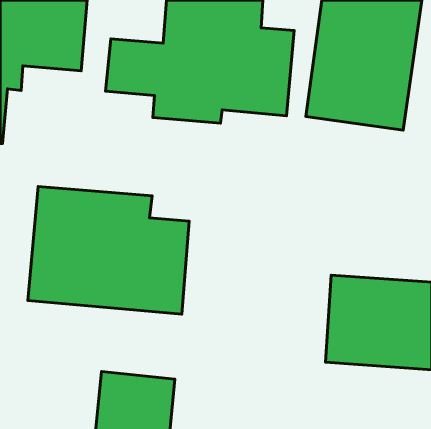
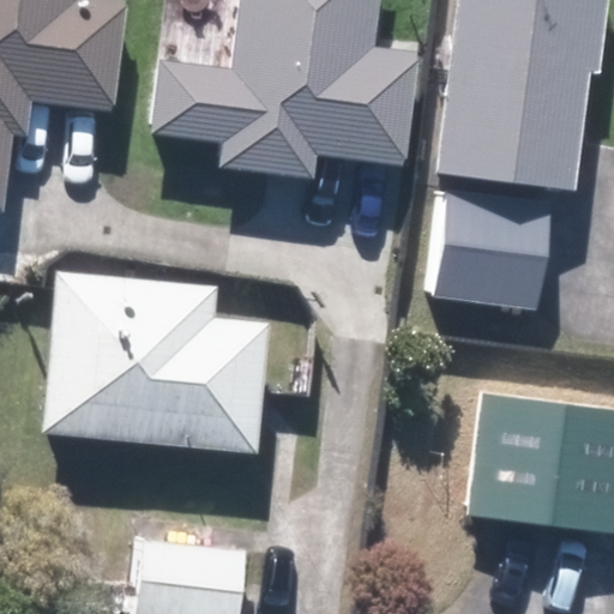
building: none -> [427,194,558,308]

